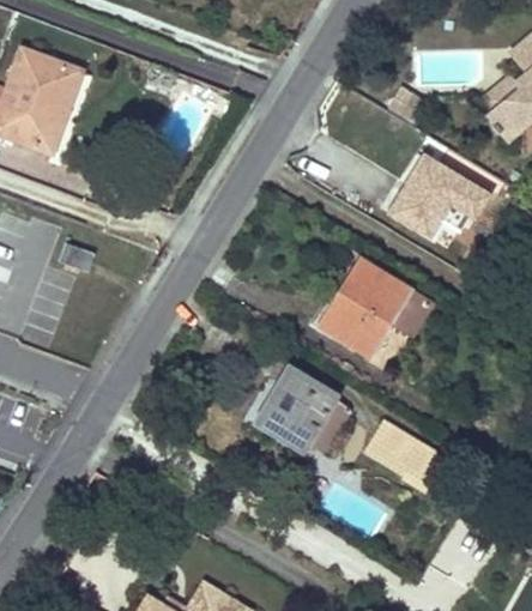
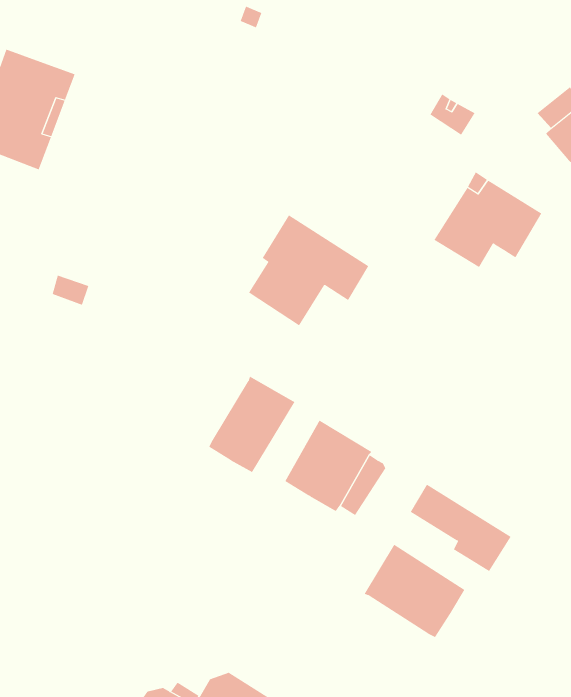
building: [322,259,427,355] -> [248,215,369,326]
building: none -> [208,376,295,473]
building: none -> [364,544,465,638]

